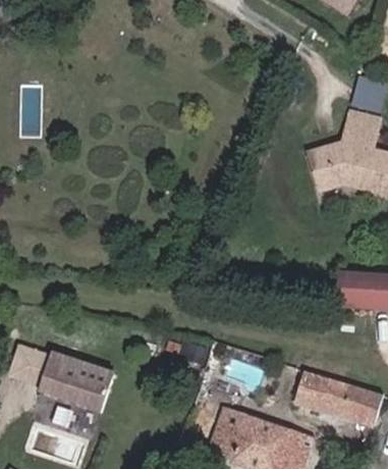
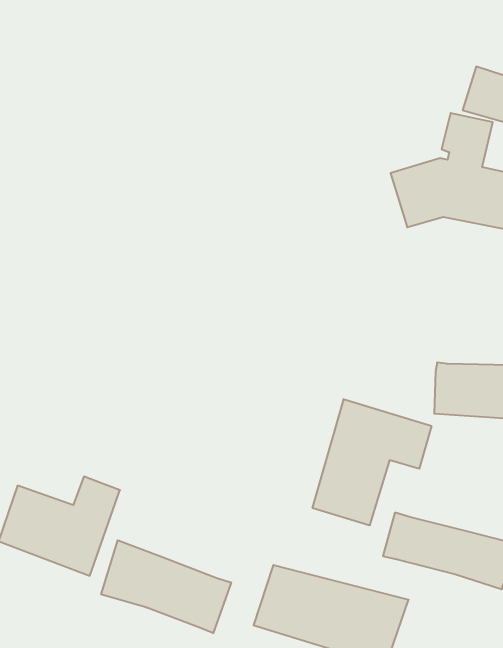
building: none -> [313,399,431,525]
building: none -> [101,540,231,633]

